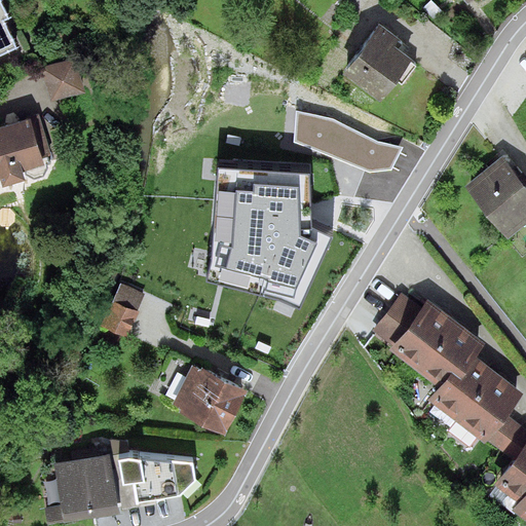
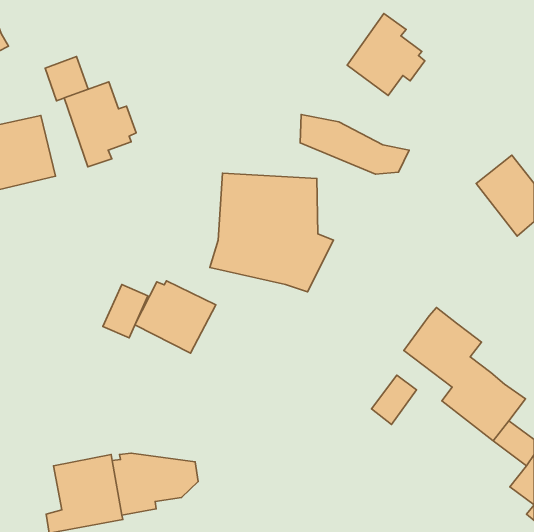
building: none -> [64,82,136,167]
building: [376,299,420,347] -> [372,375,417,425]
building: [170,361,249,431] -> [135,281,216,353]

